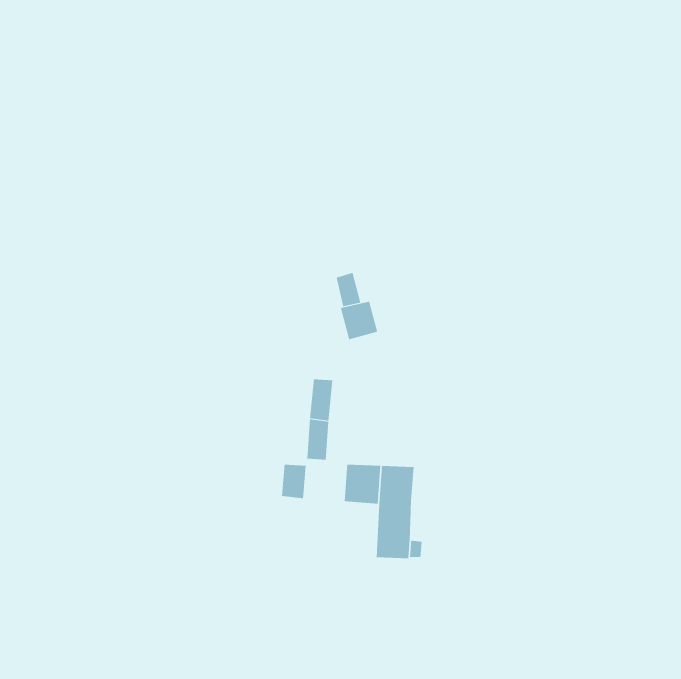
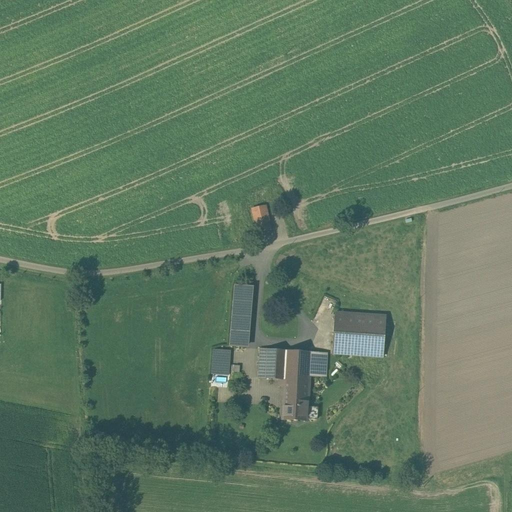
building: [340,301,378,340] -> none
building: none -> [332,310,385,355]
building: none -> [309,350,327,376]

